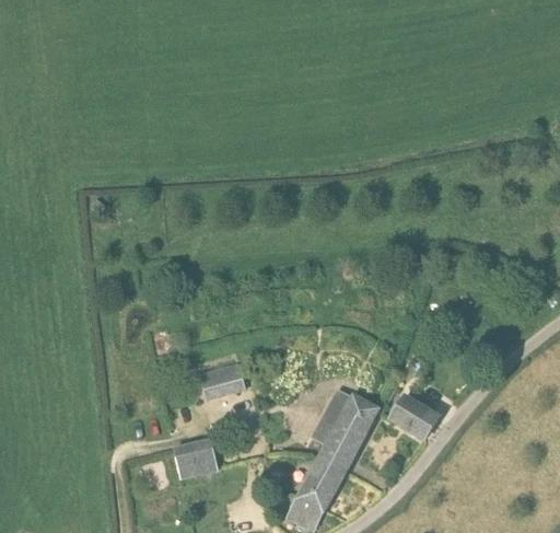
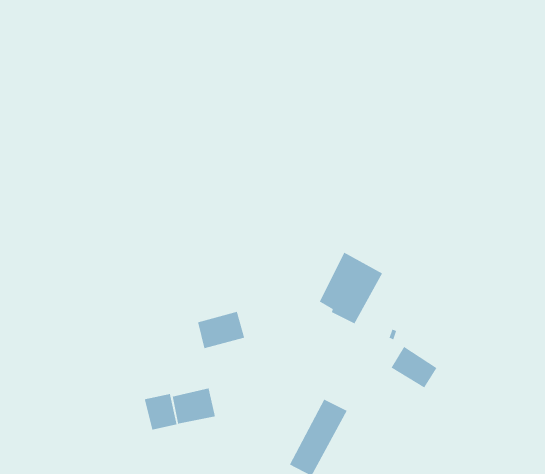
building: [313,389,377,462] -> [319,251,383,325]
building: none -> [144,393,177,431]

